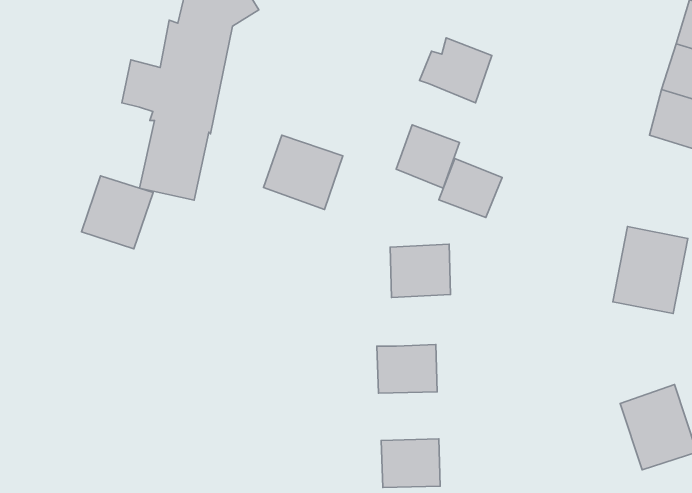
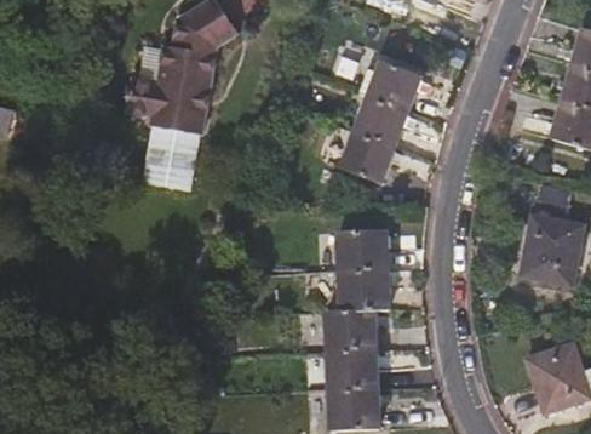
building: [263,135,343,210] -> none
building: [439,158,502,217] -> [356,96,408,144]
building: [81,176,153,249] -> none
building: none -> [339,269,391,312]
building: none -> [328,349,378,389]

